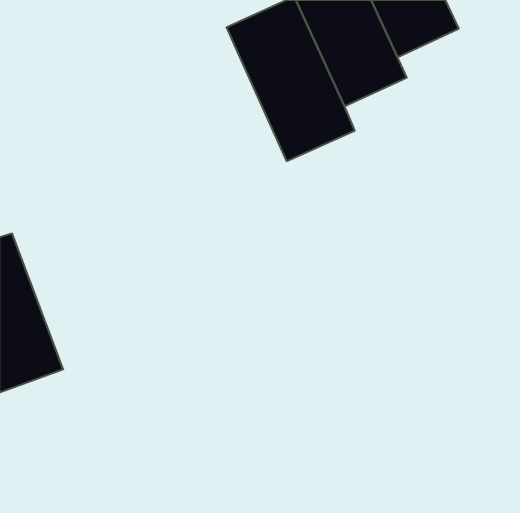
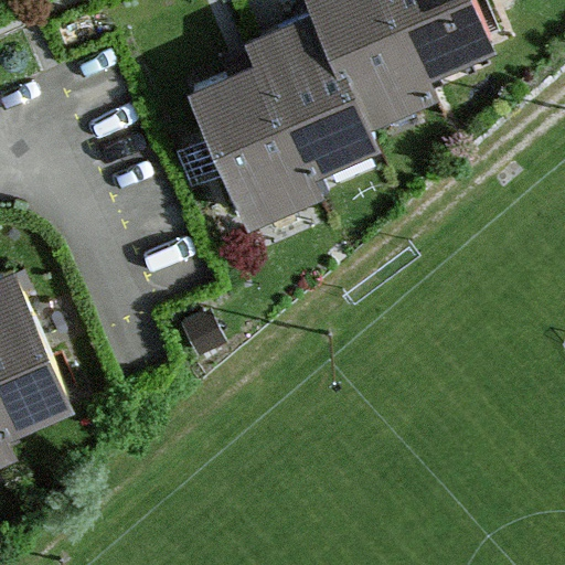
building: none -> [183,61,321,238]

